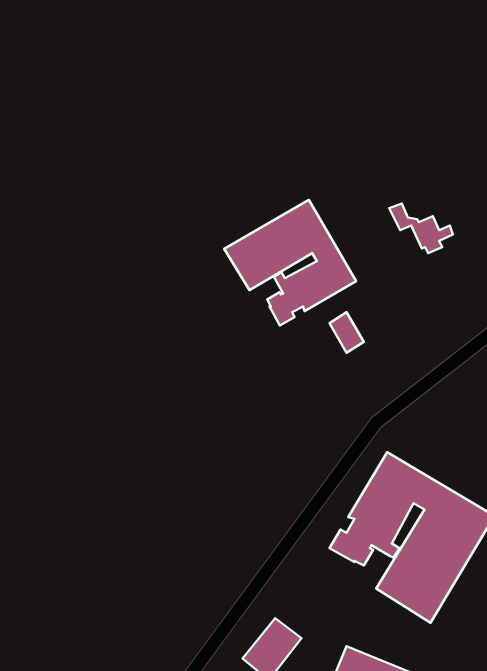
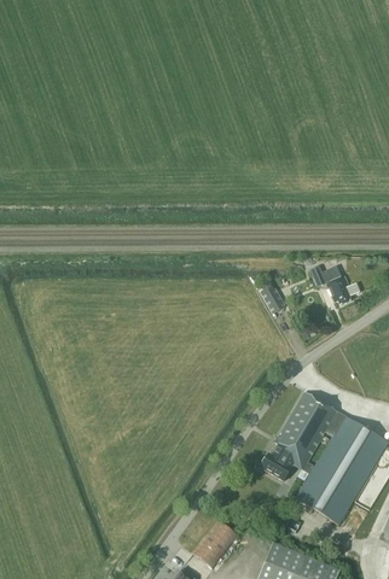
building: [224,200,356,325] -> none
building: [389,204,453,253] -> [309,265,359,304]

